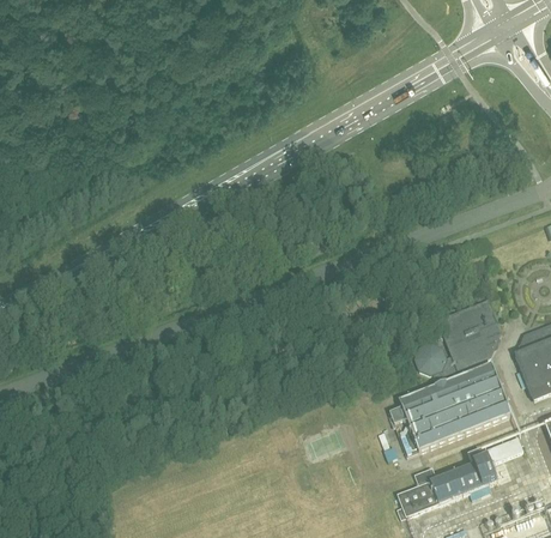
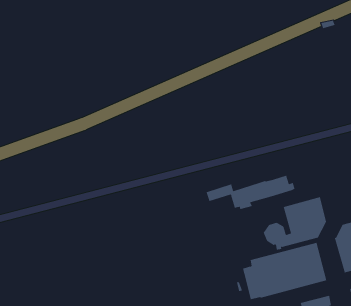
building: none -> [206,175,295,210]

